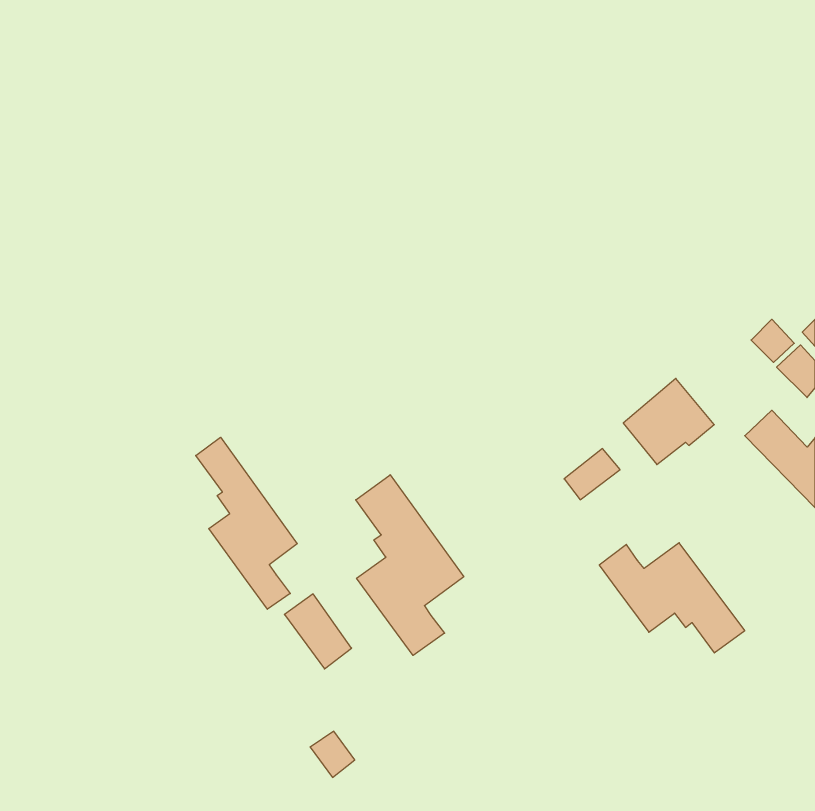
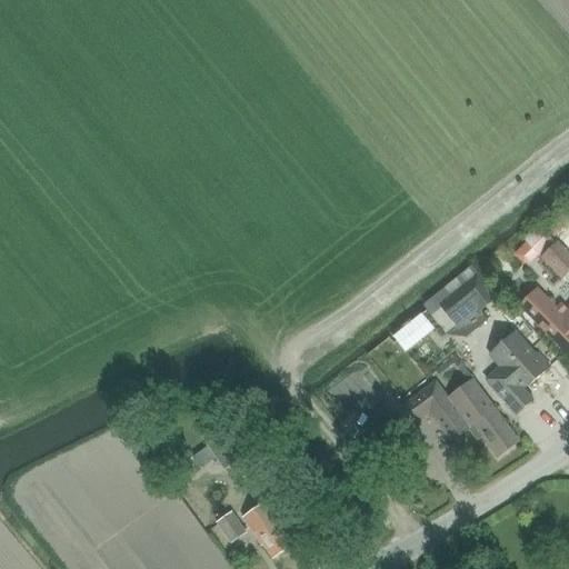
building: [196,437,297,609] -> none
building: none -> [486,330,549,412]
building: [356,475,464,655] -> none
building: none -> [243,502,290,553]

